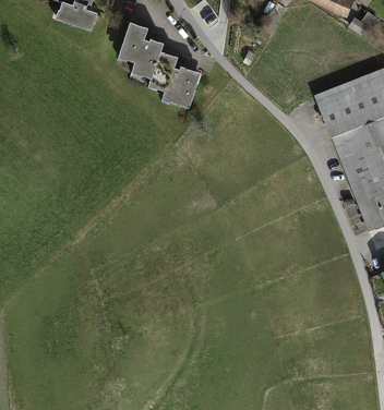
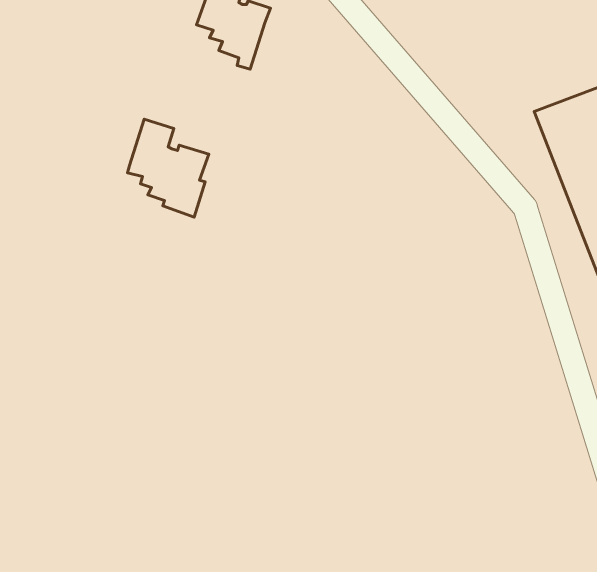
building: [149,50,197,108] -> [128,119,209,217]

